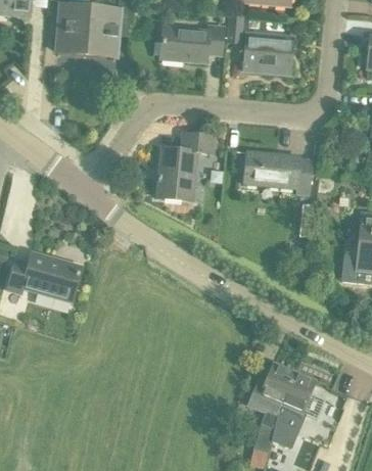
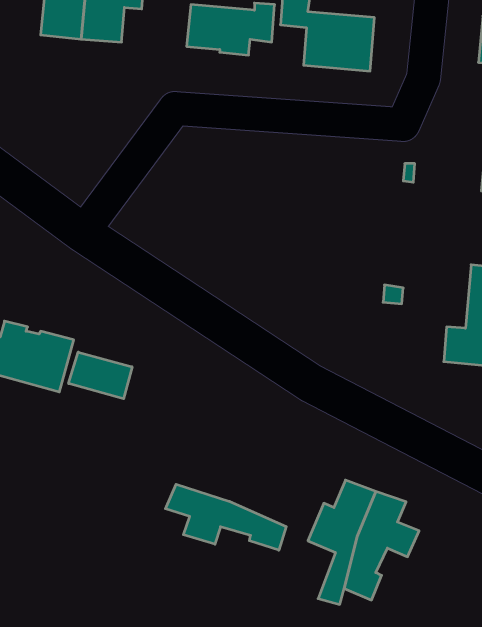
building: [156,134,215,202] -> none
building: [243,150,312,195] -> none
building: none -> [69,352,132,399]
building: none -> [165,484,286,550]

